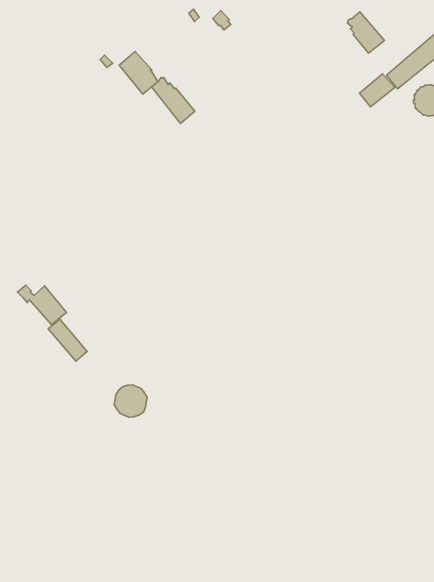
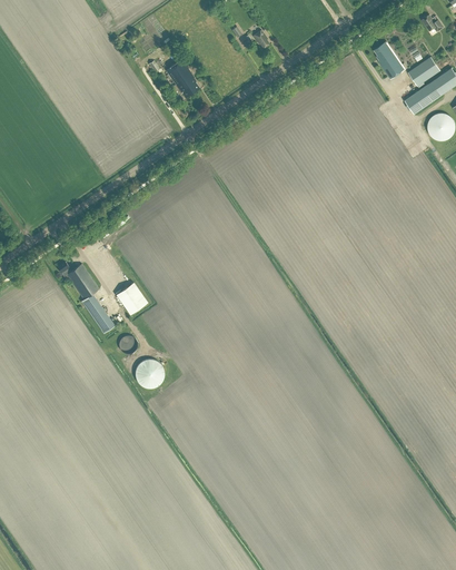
building: [359,74,395,107] -> [407,57,439,86]
building: [152,77,195,124] -> none
building: none -> [115,282,147,314]

